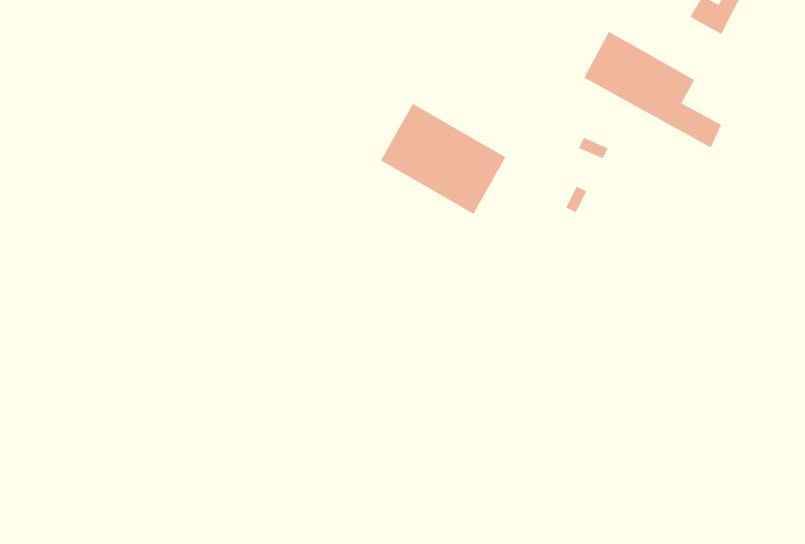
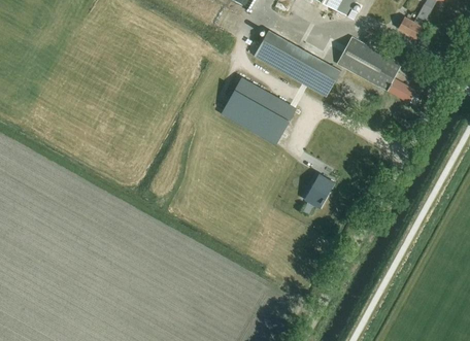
building: none -> [254,30,341,97]
building: none -> [304,173,334,208]

